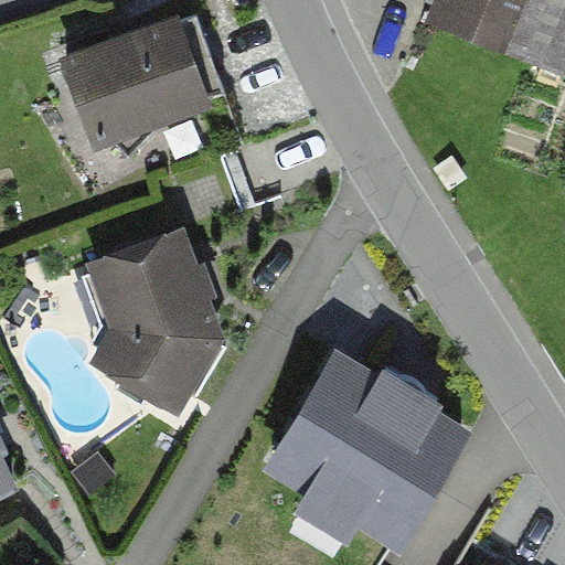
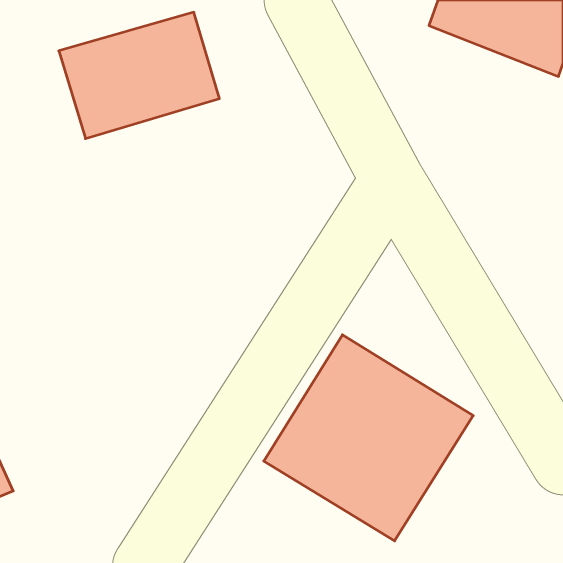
building: [103,244,232,450] -> none

